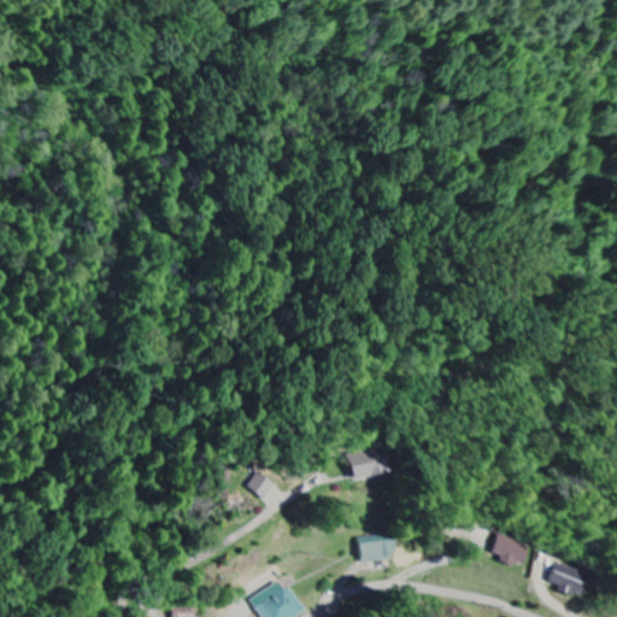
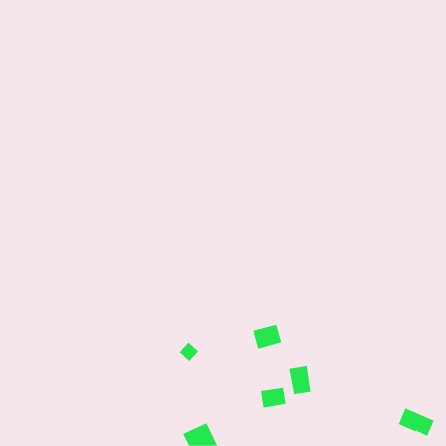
building: none -> [289,365,311,395]
building: [490,533,529,568] -> none

